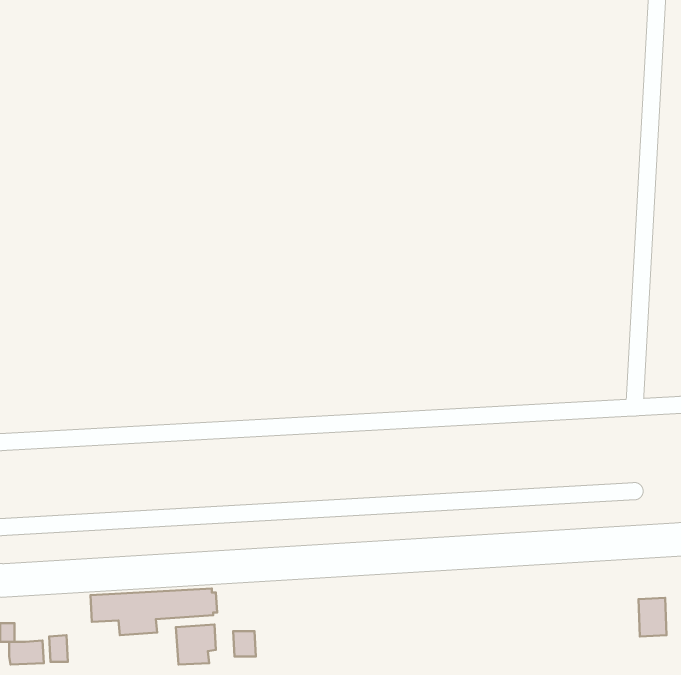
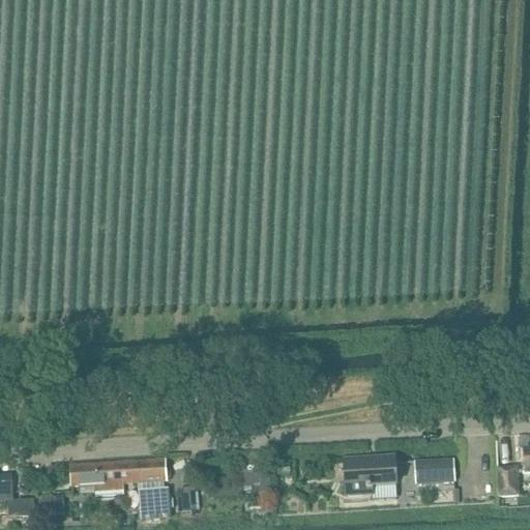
building: none -> [344,453,395,495]
building: none -> [415,457,453,481]

